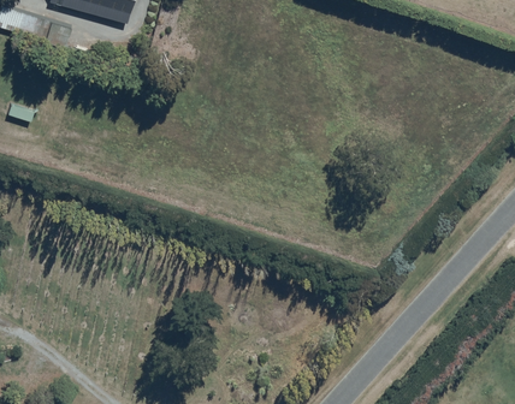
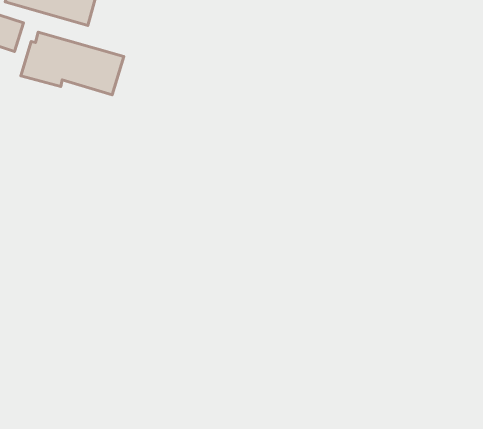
building: none -> [21,32,124,95]

